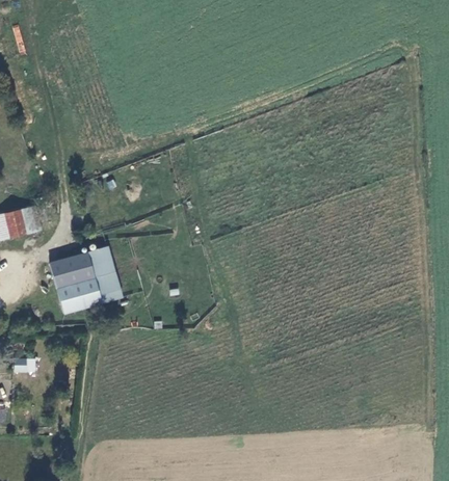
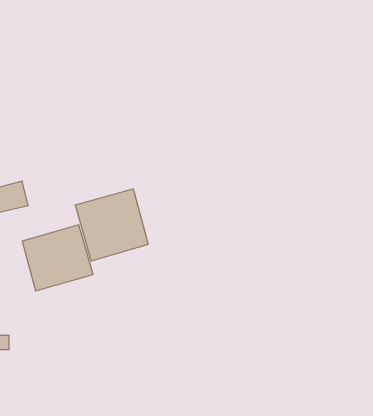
building: none -> [75,189,148,261]

